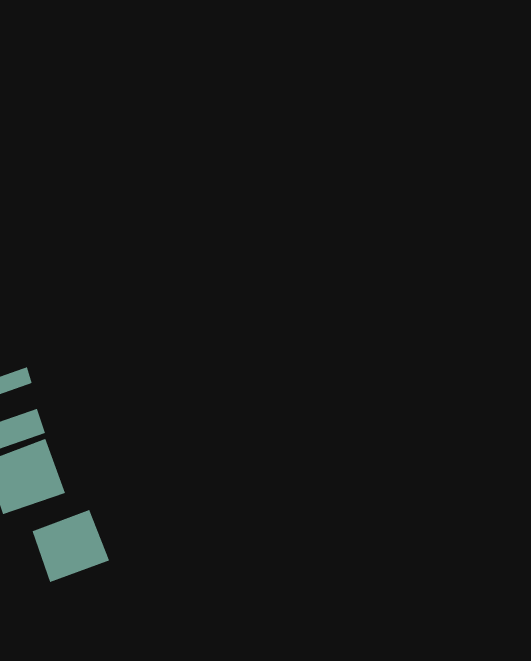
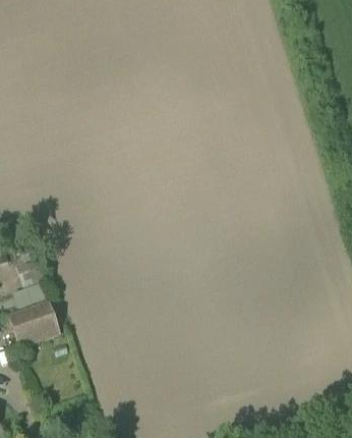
building: [32,509,110,583] -> none

